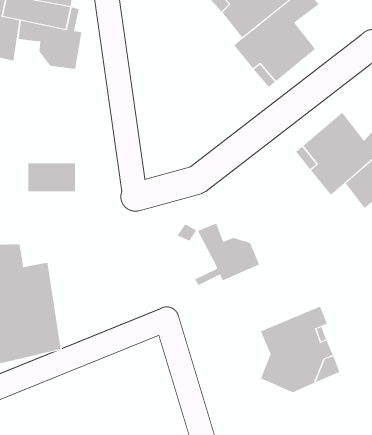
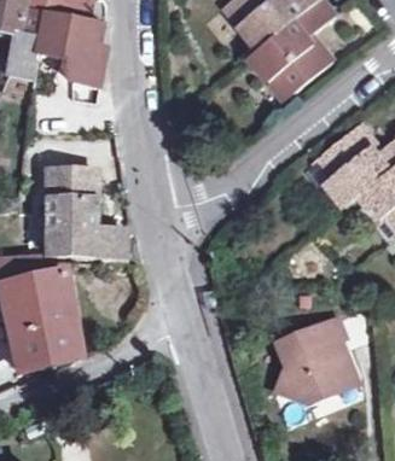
building: none -> [46,202,127,263]
building: [194,223,260,286] -> none

